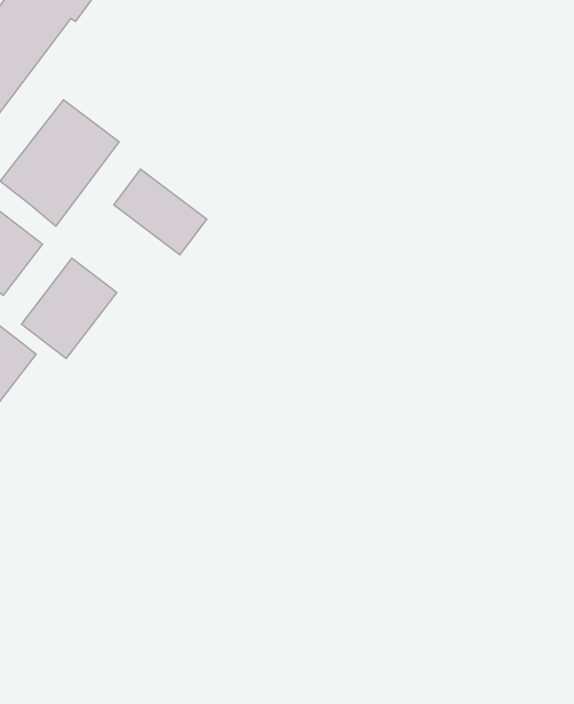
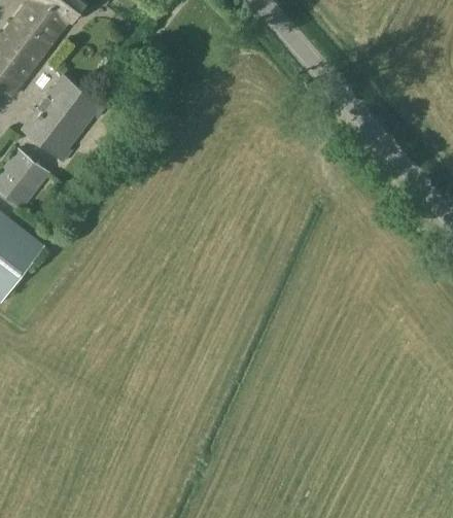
building: [114,169,207,255] -> none
building: [21,258,117,358] -> none

